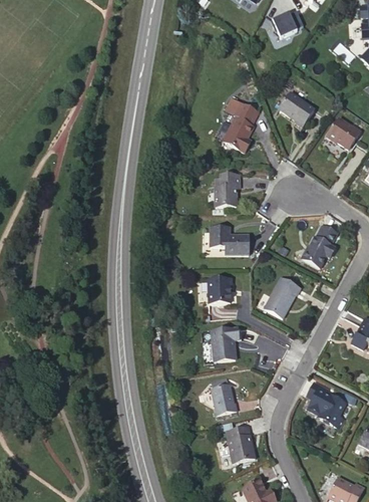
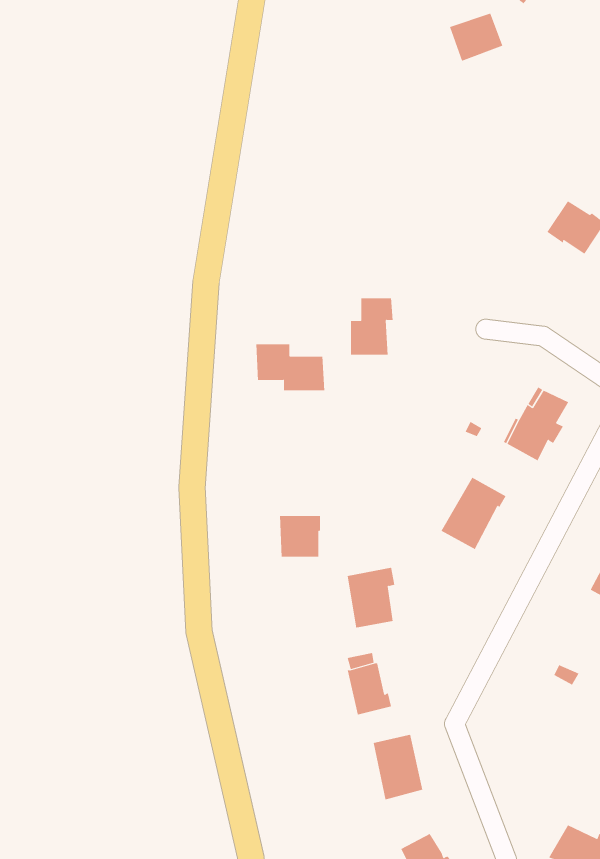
building: [277,89,312,124] -> none
building: [223,105,255,150] -> none
building: [211,226,251,253] -> [256,344,325,391]
building: [209,278,233,302] -> [279,516,321,557]
building: [306,381,344,427] -> none

